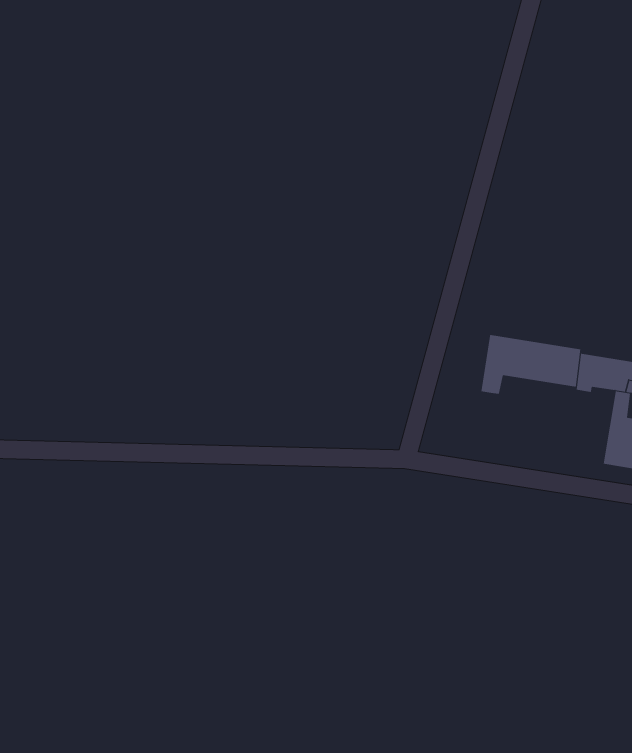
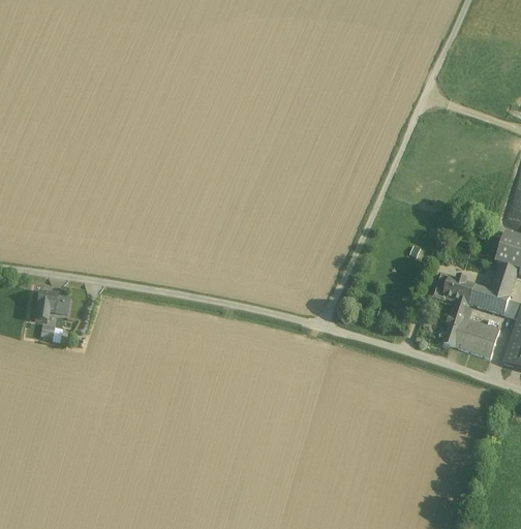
building: [481,334,581,395] -> none

